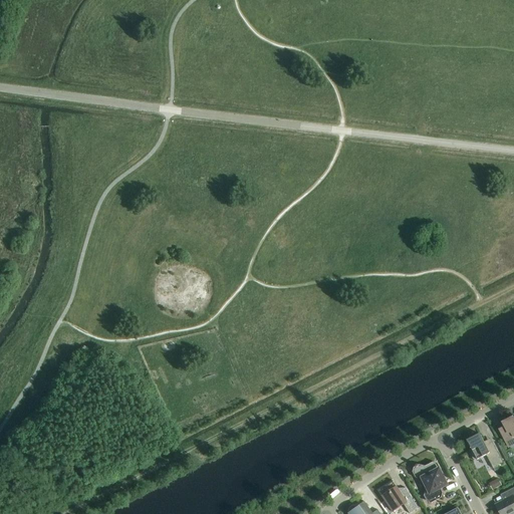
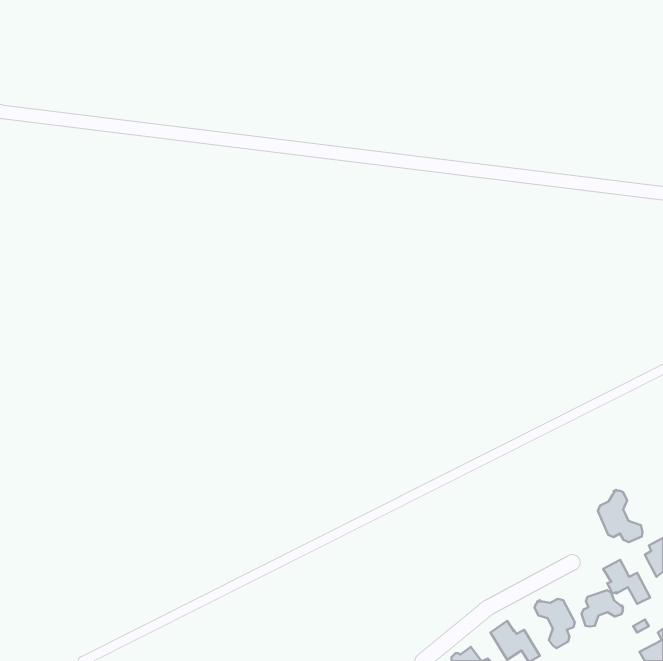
building: none -> [598,490,642,542]
building: none -> [581,590,623,627]

